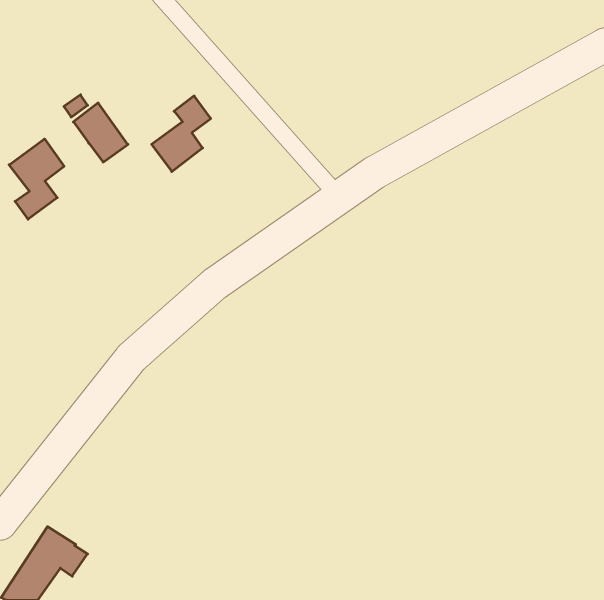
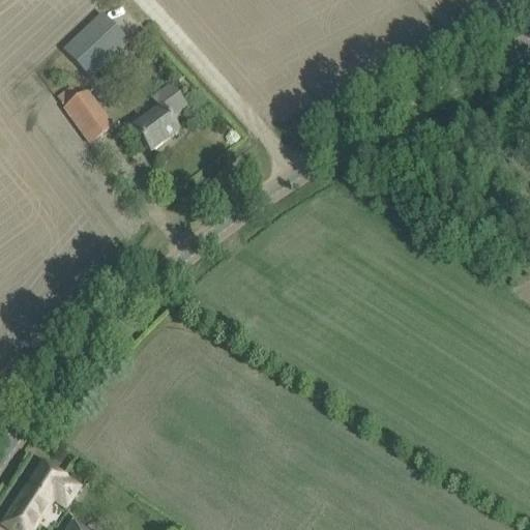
building: none -> [62,10,129,78]
building: [9,139,64,219] -> none

